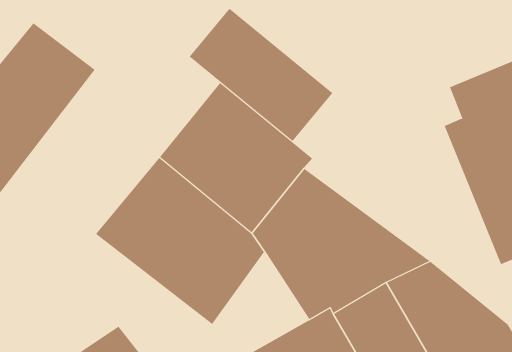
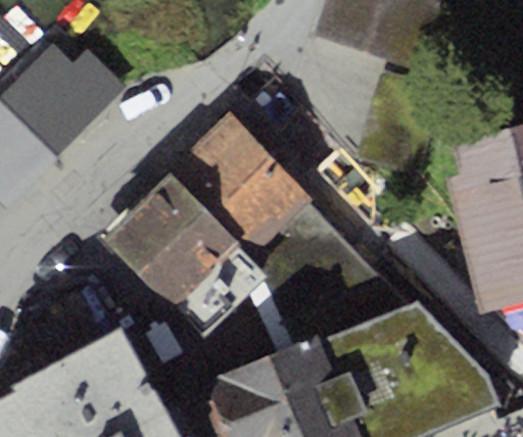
building: [189,8,333,142] -> none

